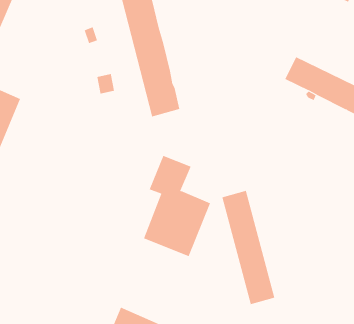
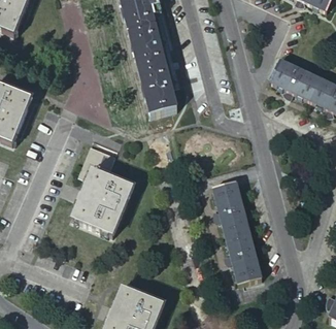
building: [143,155,211,257] -> [70,140,131,232]

